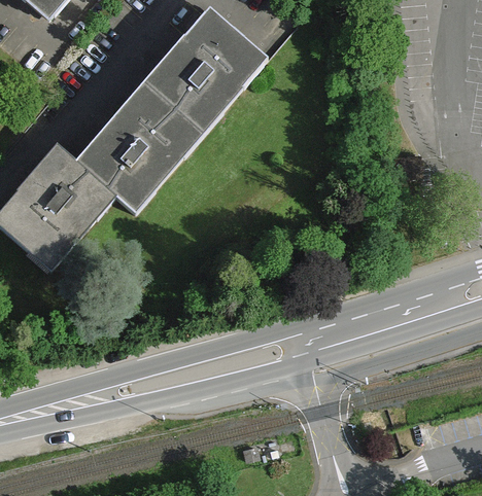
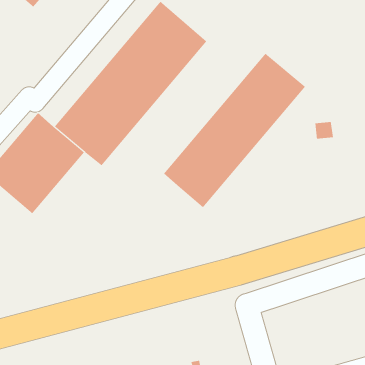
building: none -> [163,53,306,208]

